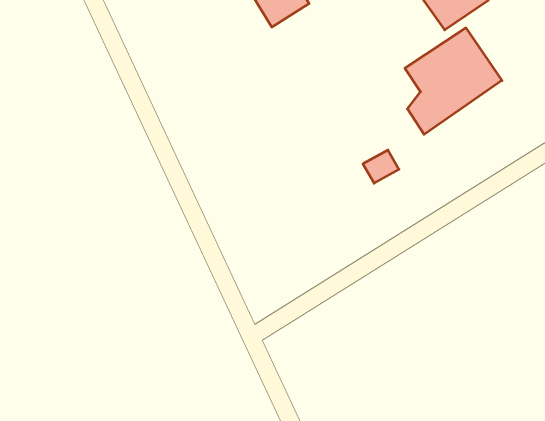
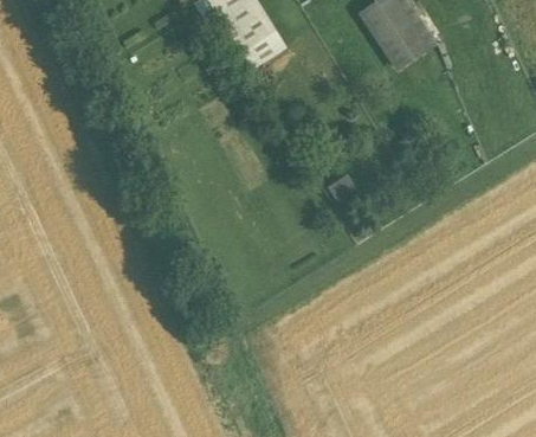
building: [405,28,502,134] -> none

